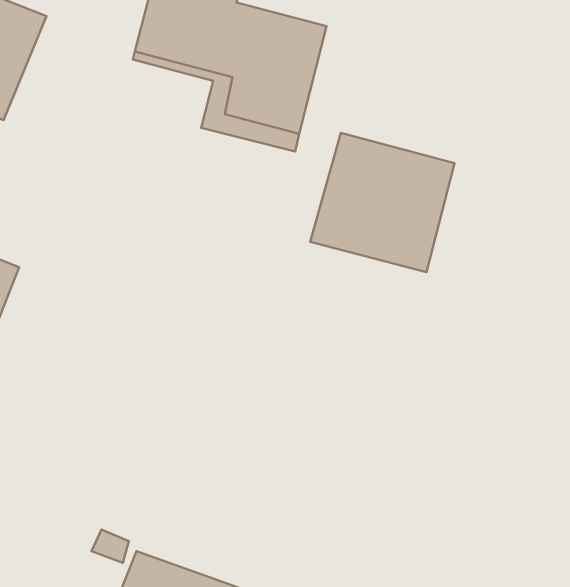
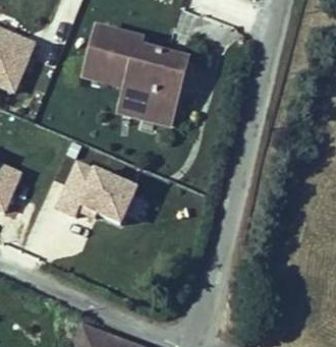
building: [310,133,455,272] -> none
building: none -> [57,162,141,232]

